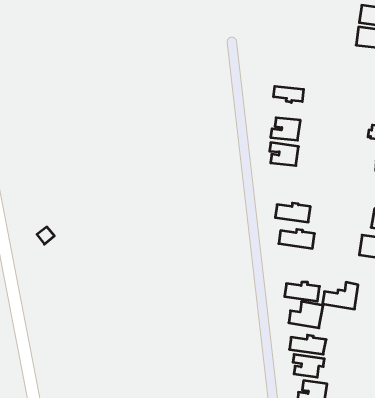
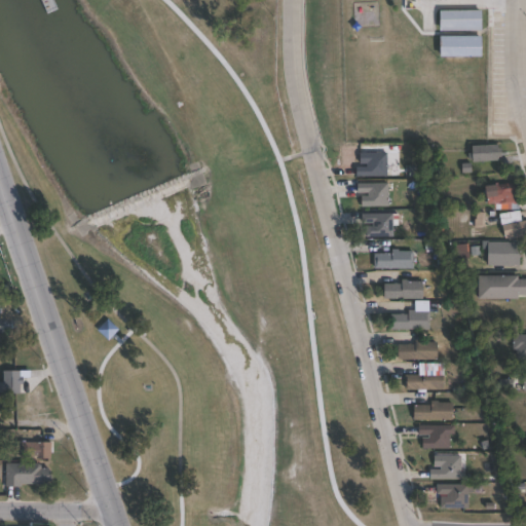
building: [274,86,304,103] -> none
building: none -> [362,214,392,236]
building: [323,282,358,309] -> [391,300,429,330]

